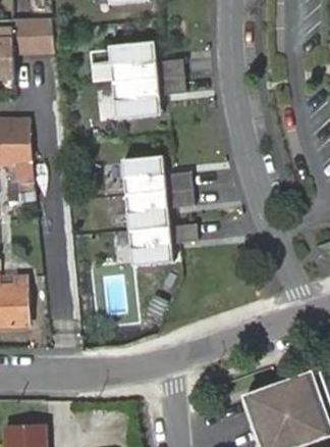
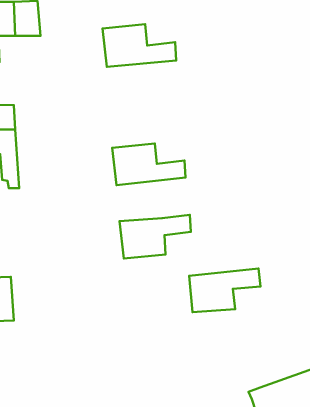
building: [116,77,184,119] -> none
building: [125,189,194,231] -> [189,269,261,312]

